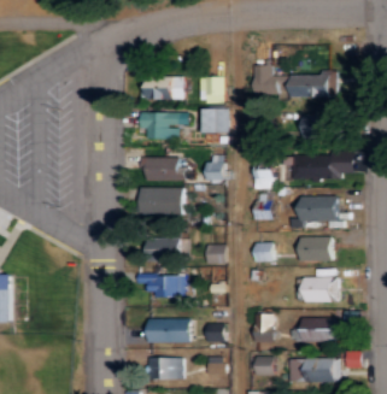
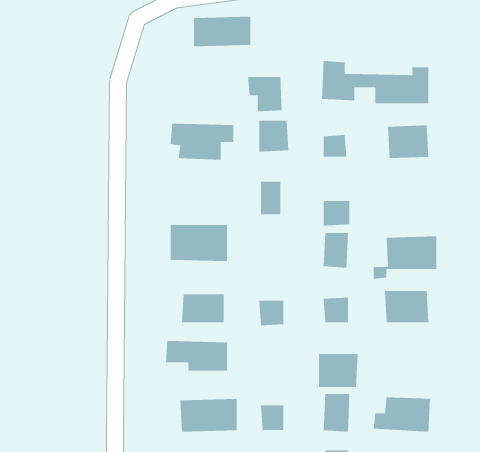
building: [140,77,183,100] -> [193,16,251,47]
building: [292,152,356,180] -> none
building: [142,157,186,181] -> none
building: [305,277,335,302] -> [318,354,358,387]

